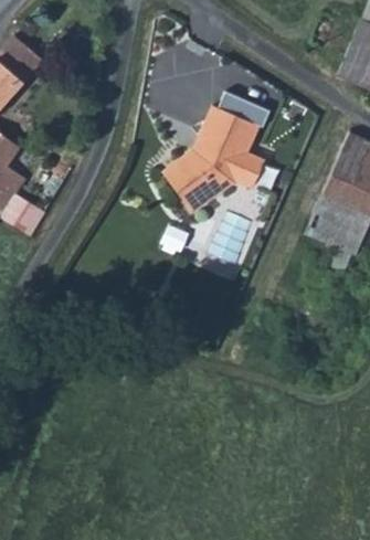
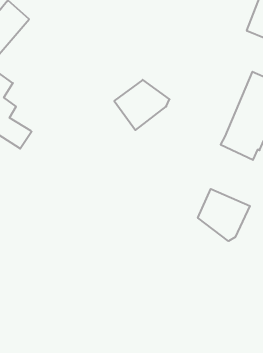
building: [199,104,257,169] -> none
building: none -> [198,189,250,241]

